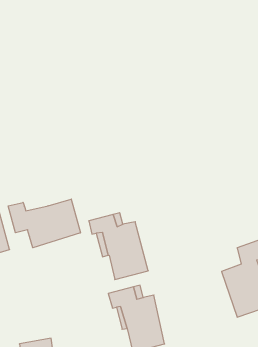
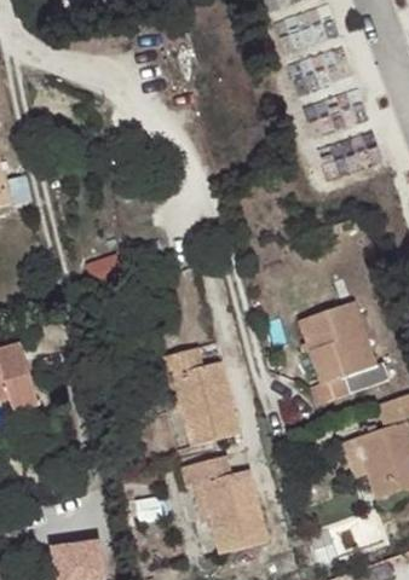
building: none -> [296,301,387,402]
building: [8,199,80,248] -> none

